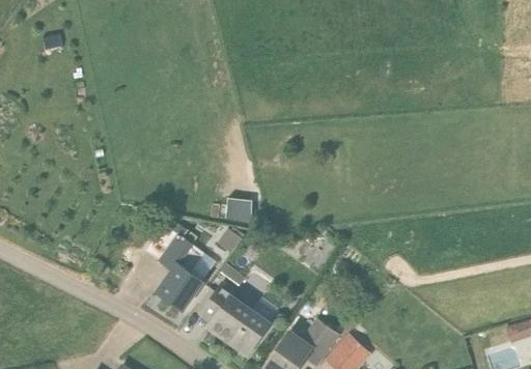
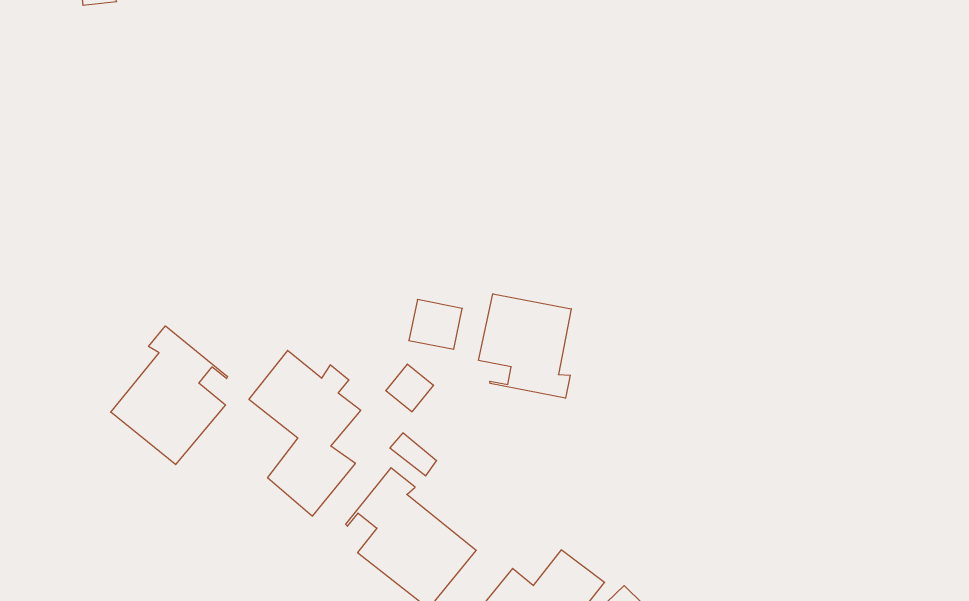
building: none -> [479,294,571,398]
building: none -> [111,326,228,465]

